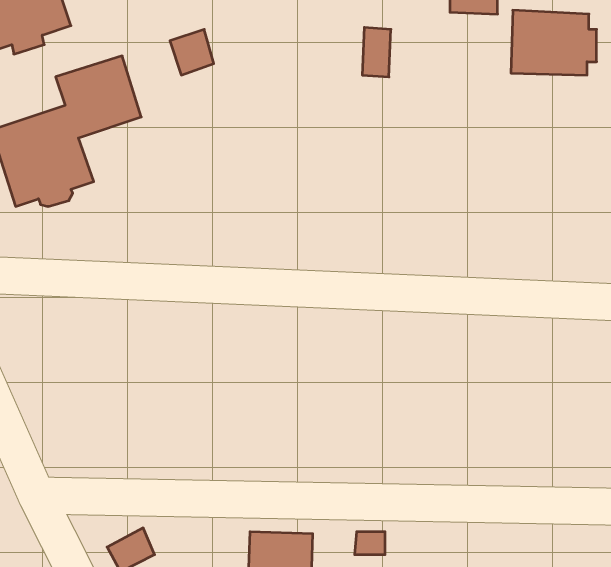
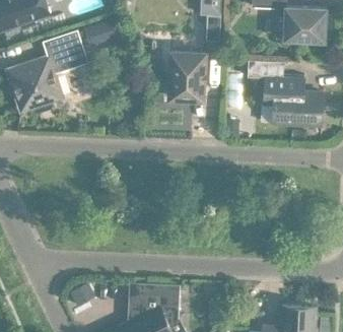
building: none -> [168,53,203,101]
building: none -> [247,62,321,127]

